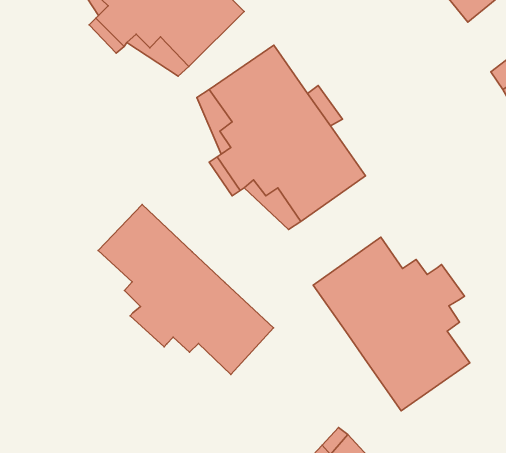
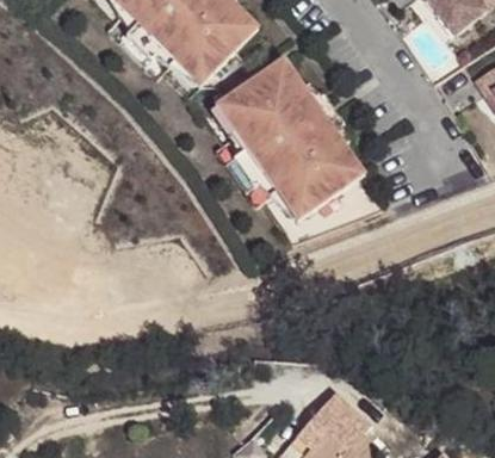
building: [98,205,273,374] -> none
building: [313,237,470,411] -> none

